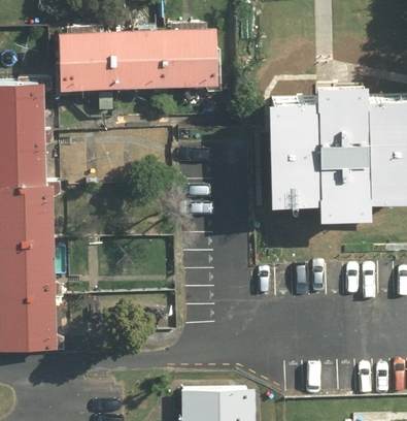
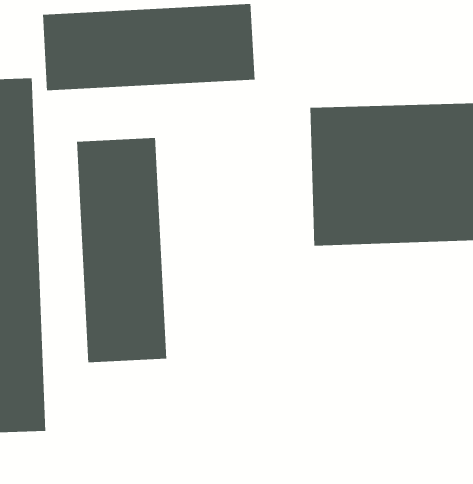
building: none -> [76,137,167,363]

